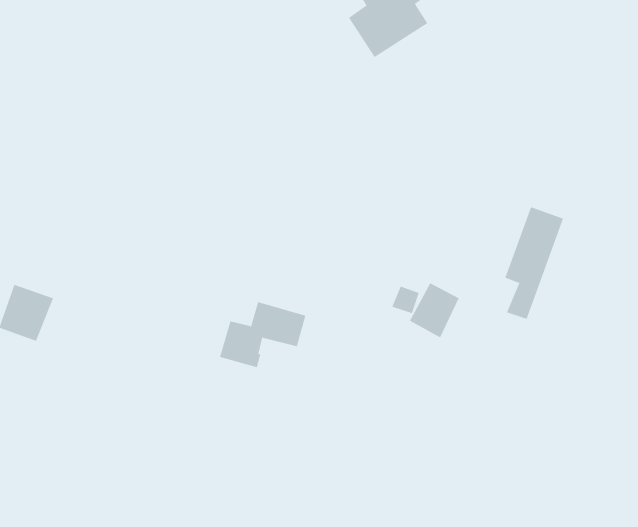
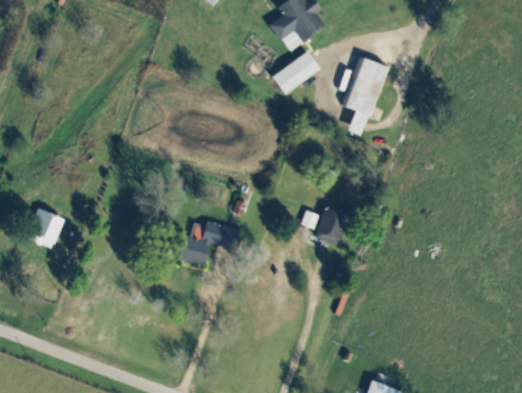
building: none -> [272,51,320,95]
building: [504,206,564,320] -> [346,57,387,136]

